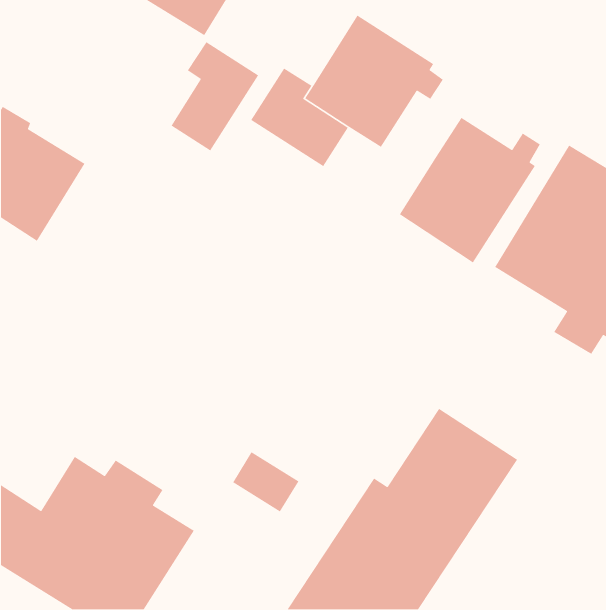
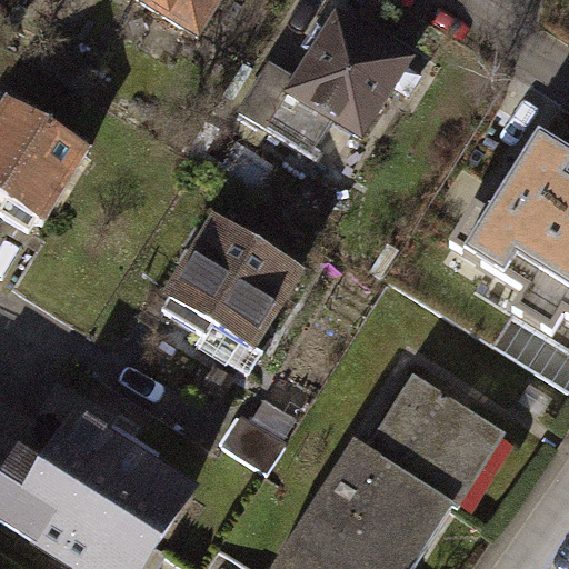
building: [171,41,259,151] -> none
building: [399,117,541,263] -> none
building: none -> [162,222,298,349]

